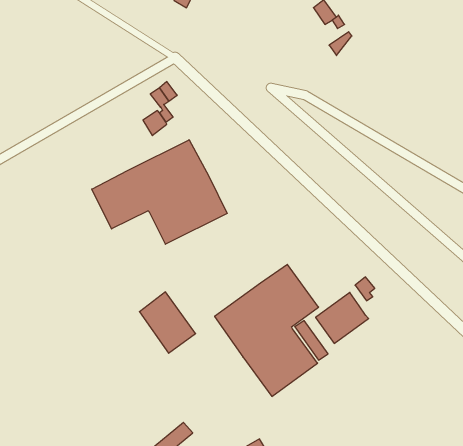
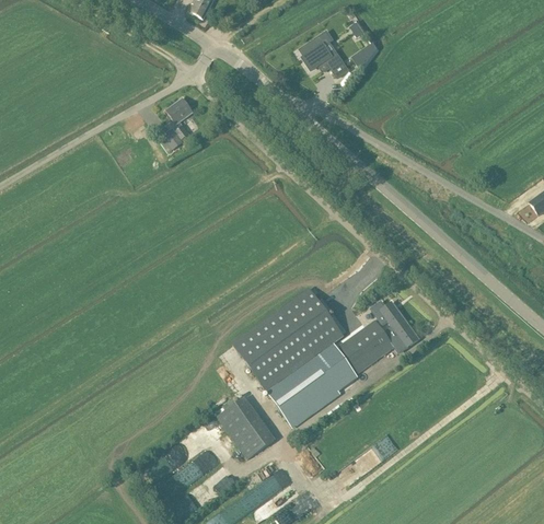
building: none -> [300,31,348,77]
building: [92,140,227,244] -> none
building: none -> [385,314,418,346]
building: [139,292,196,353] -> [217,395,276,459]

